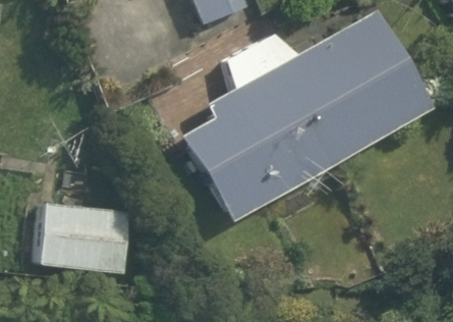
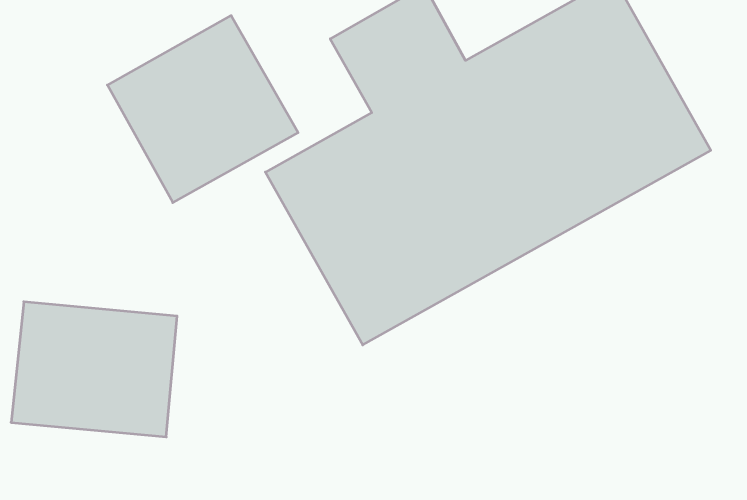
building: none -> [107,16,298,203]

